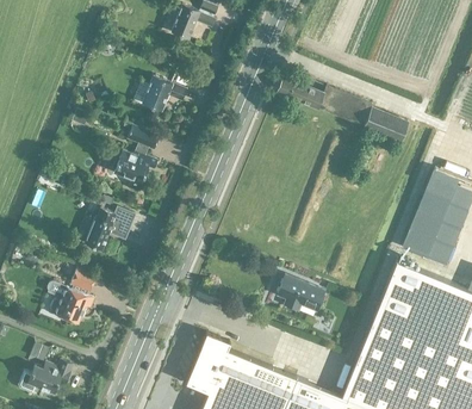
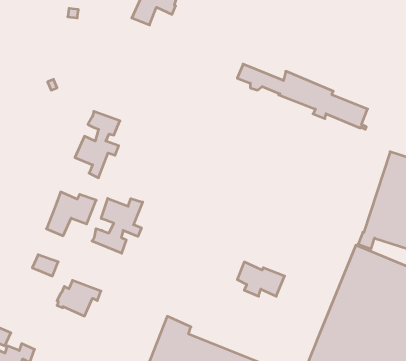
building: [142,76,186,111] -> none
building: none -> [92,198,143,253]
building: [50,287,94,323] -> [57,280,101,316]

